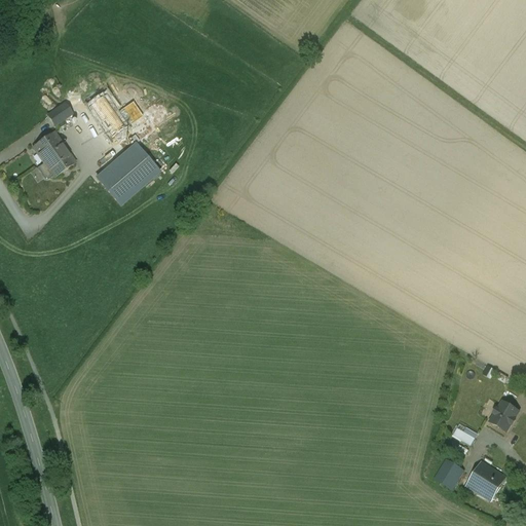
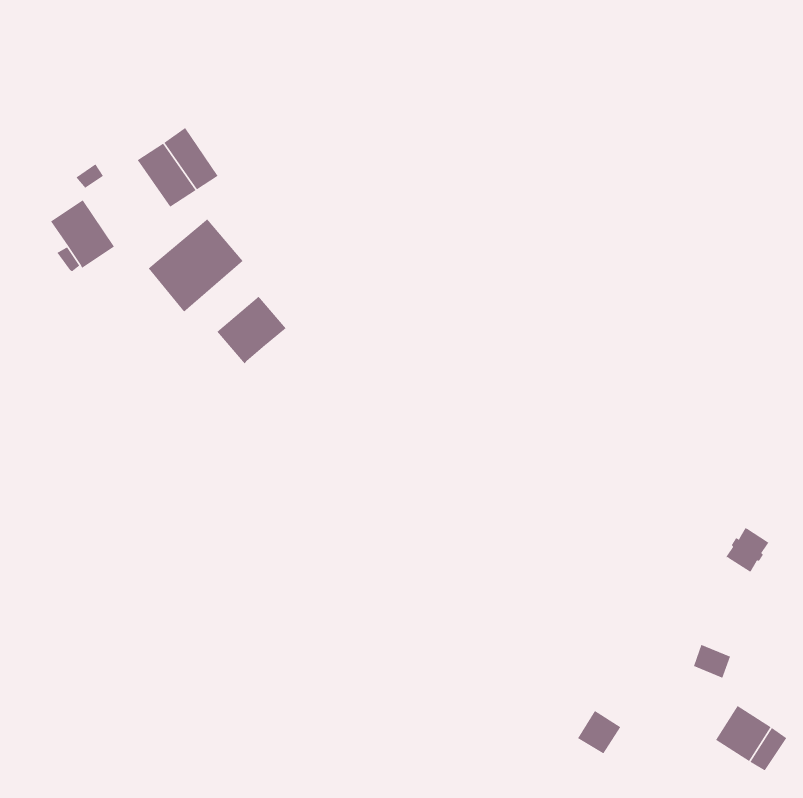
building: none -> [216,296,286,364]
building: [490,400,519,429] -> [726,526,770,572]
building: [435,458,463,487] -> [577,710,621,754]

